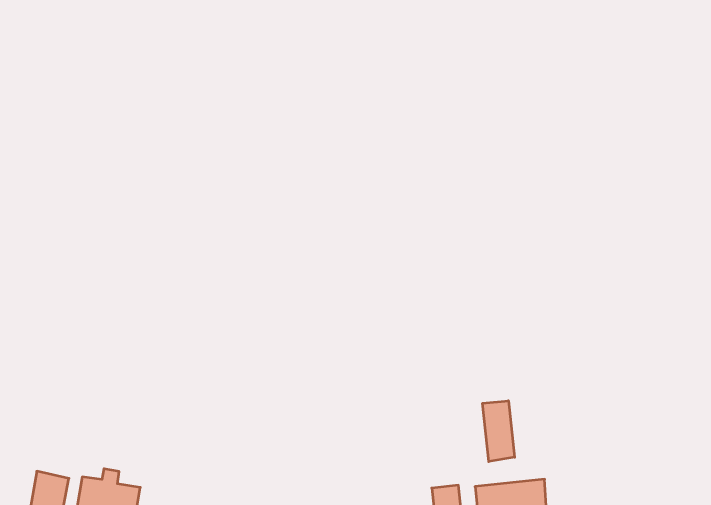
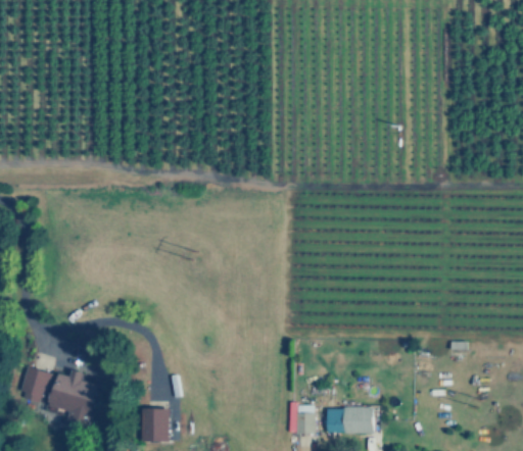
building: [483,401,515,462] -> none

